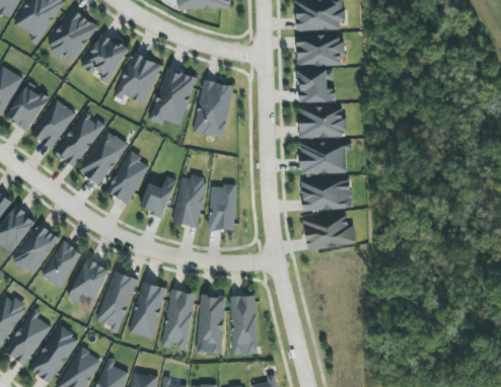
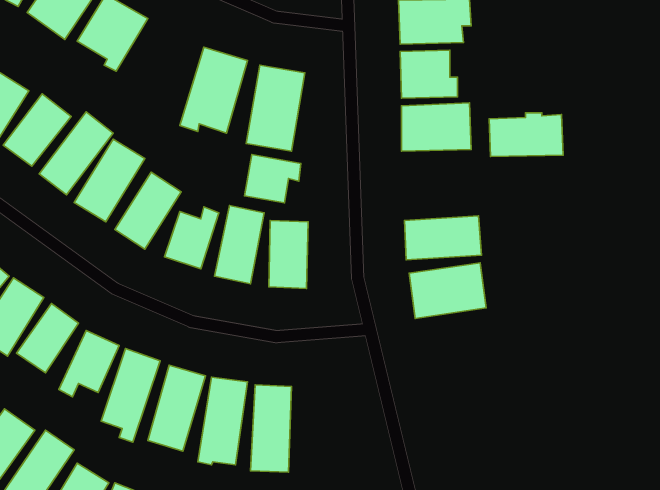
building: [116,52,161,105] -> none
building: none -> [245,155,301,203]
building: [299,144,349,173] -> [489,113,563,157]
building: [230,295,257,355] -> none

